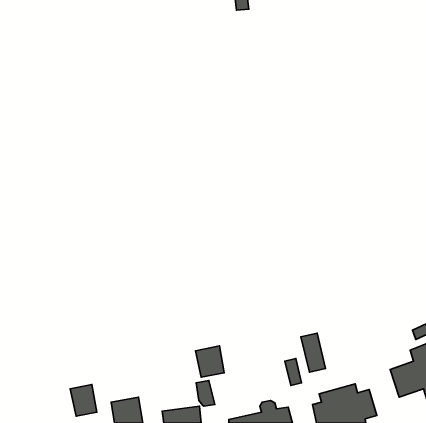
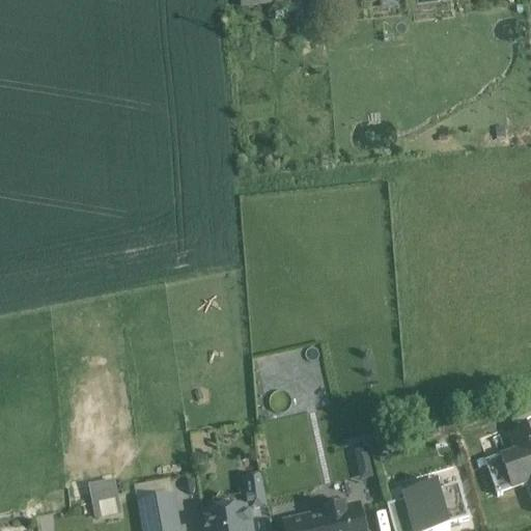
building: [301,333,325,372] -> none
building: [196,346,224,377] -> none

